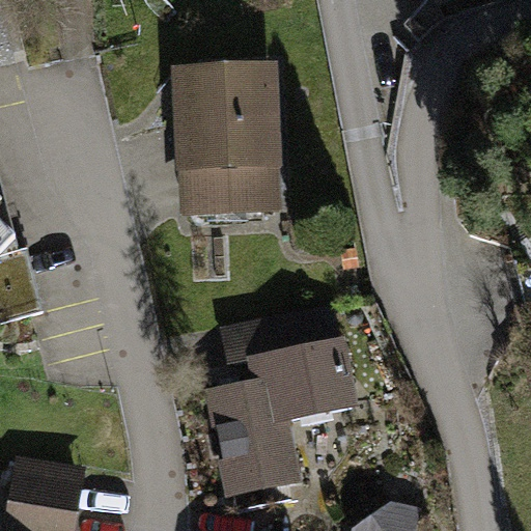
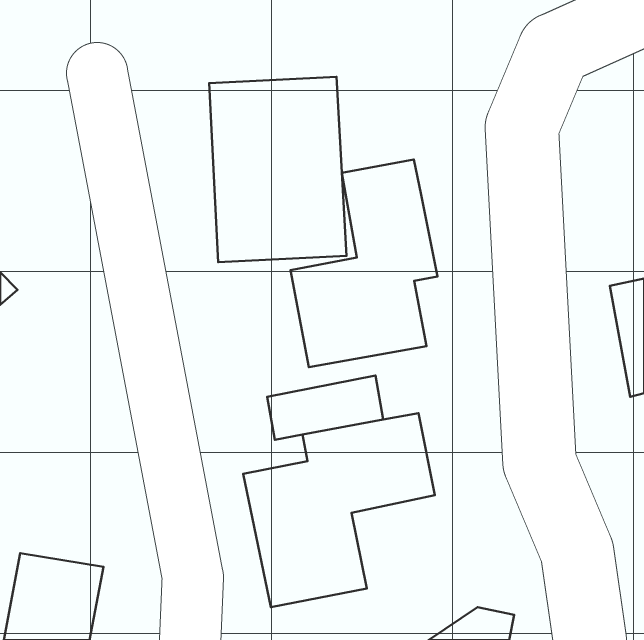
building: none -> [290,159,437,367]

